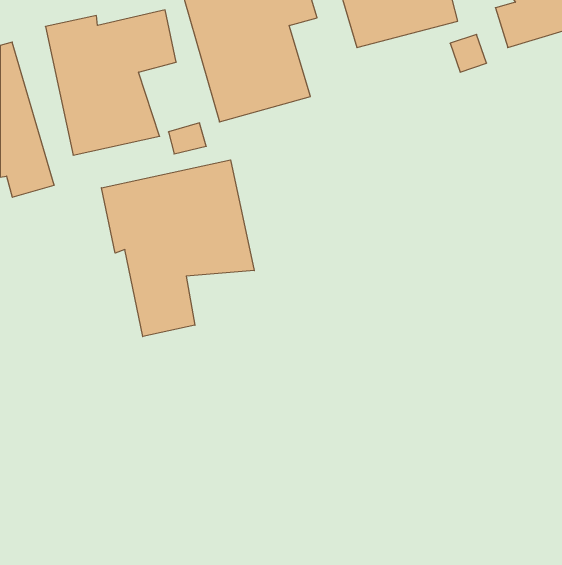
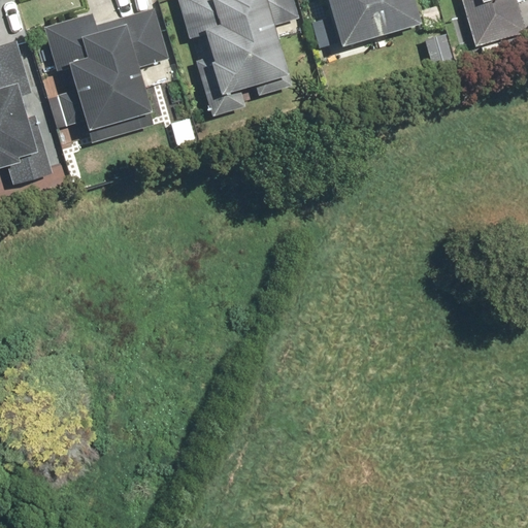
building: [101,160,254,337] -> none

